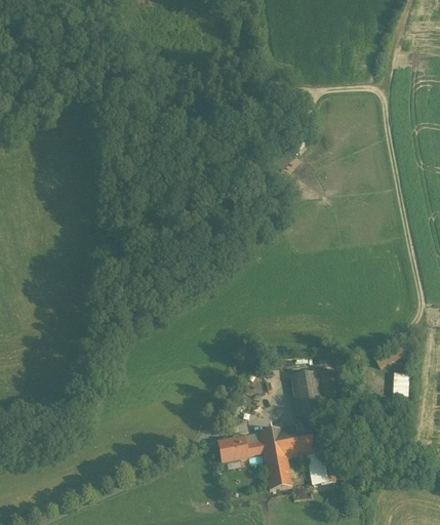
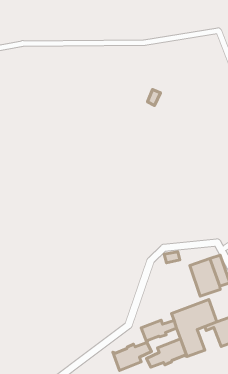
building: none -> [113,342,151,371]
building: none -> [147,339,187,367]

